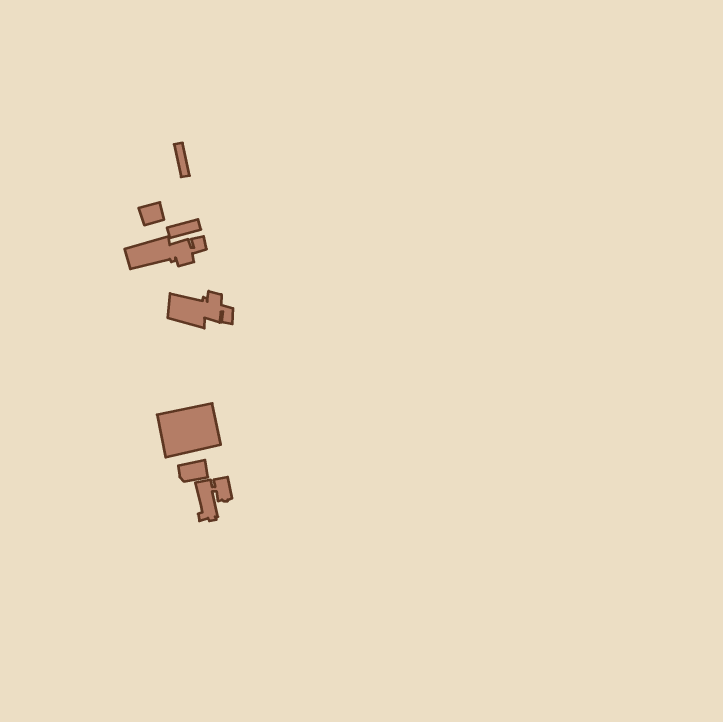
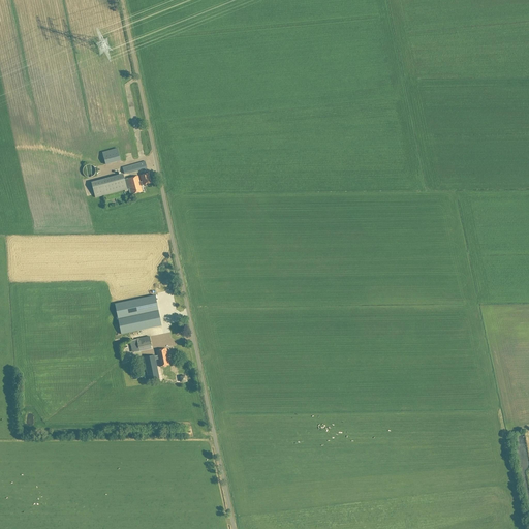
building: [168,291,233,328] -> none

